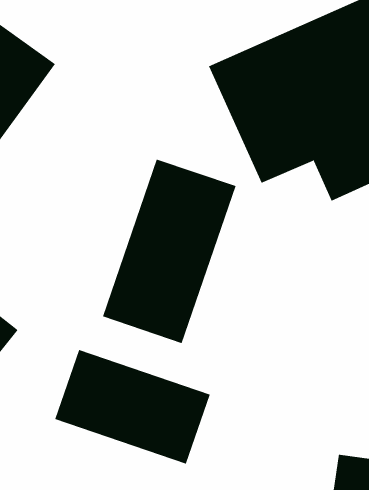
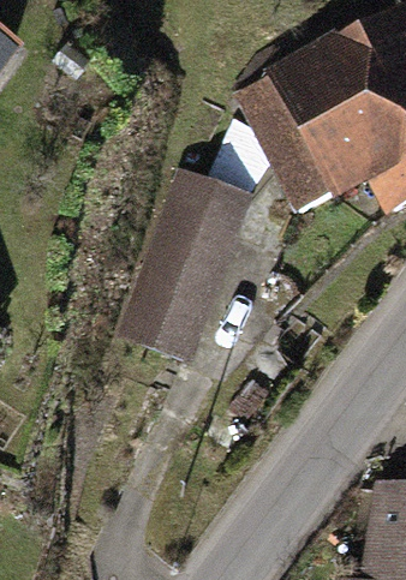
building: [54,349,210,465] -> none

